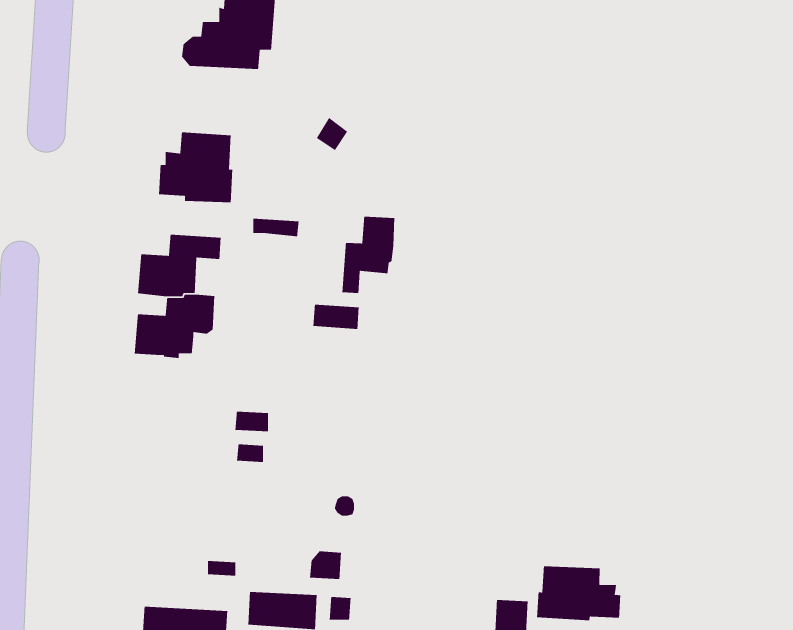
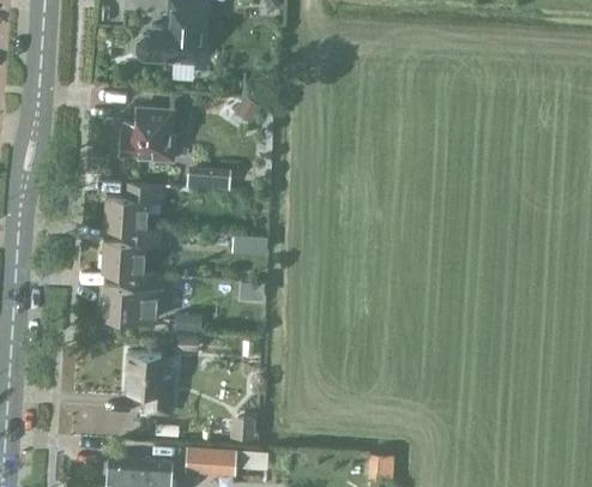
building: [341,216,395,294] -> none
building: none -> [99,272,159,320]
building: none -> [126,354,170,415]
building: [536,565,621,621] -> none

